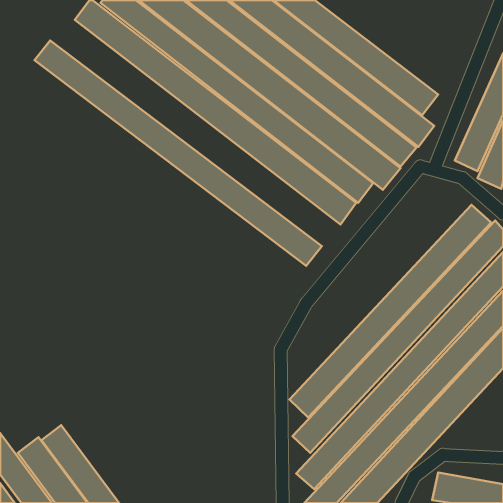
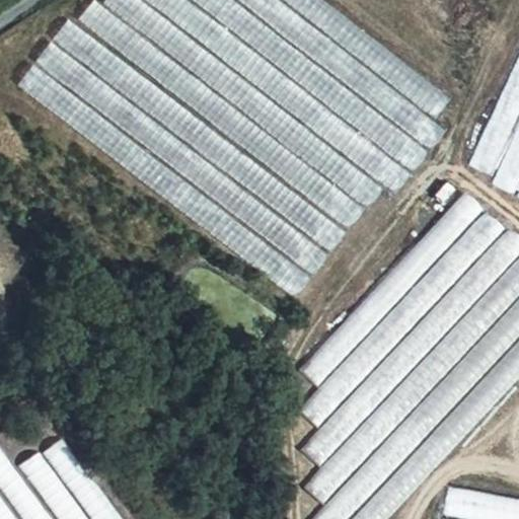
building: none -> [52,20,347,252]
building: none -> [19,65,314,297]
building: none -> [297,192,484,388]

